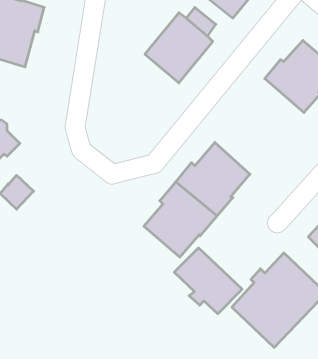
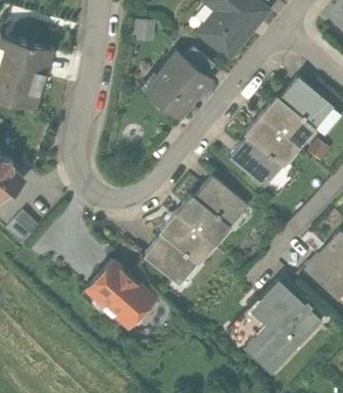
building: none -> [230,115,299,187]
building: [174,248,242,314] -> [89,262,154,326]

